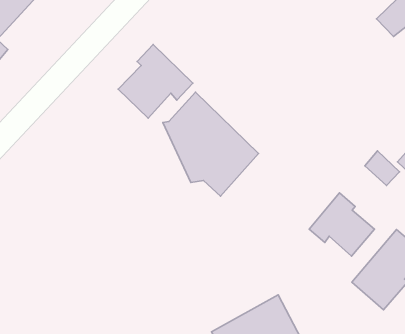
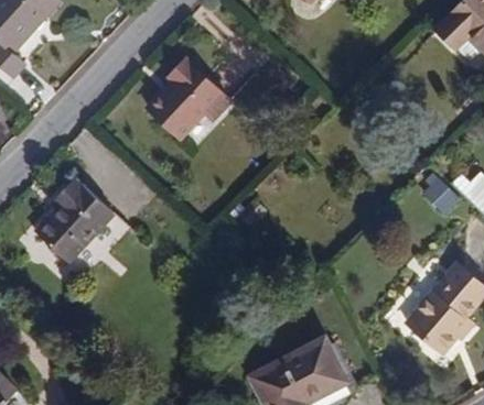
building: [163,92,259,196] -> none
building: none -> [34,178,128,276]
building: [309,193,374,256] -> none

